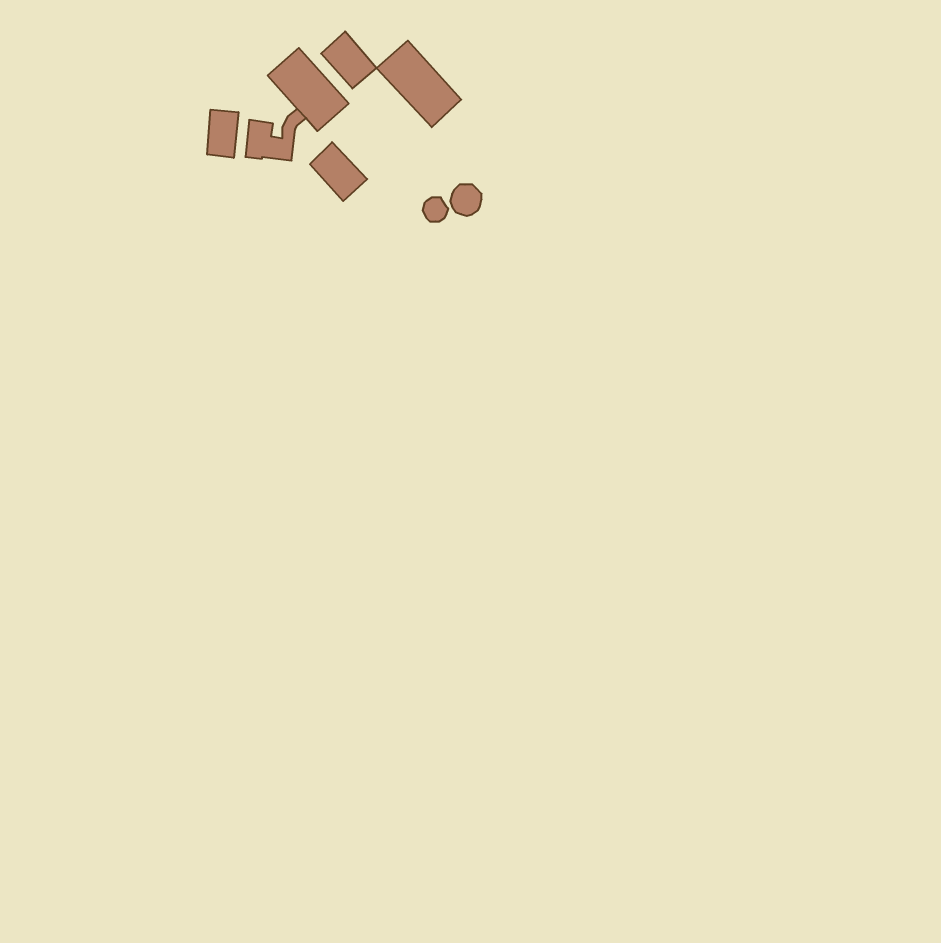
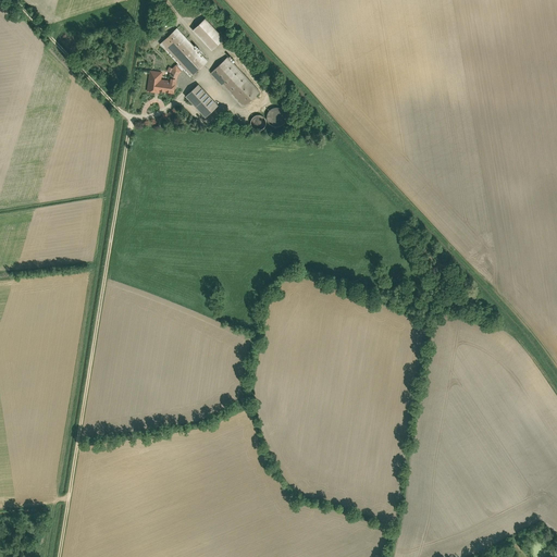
building: [376,41,461,127] -> [209,57,259,108]
building: [207,110,238,158] -> none

